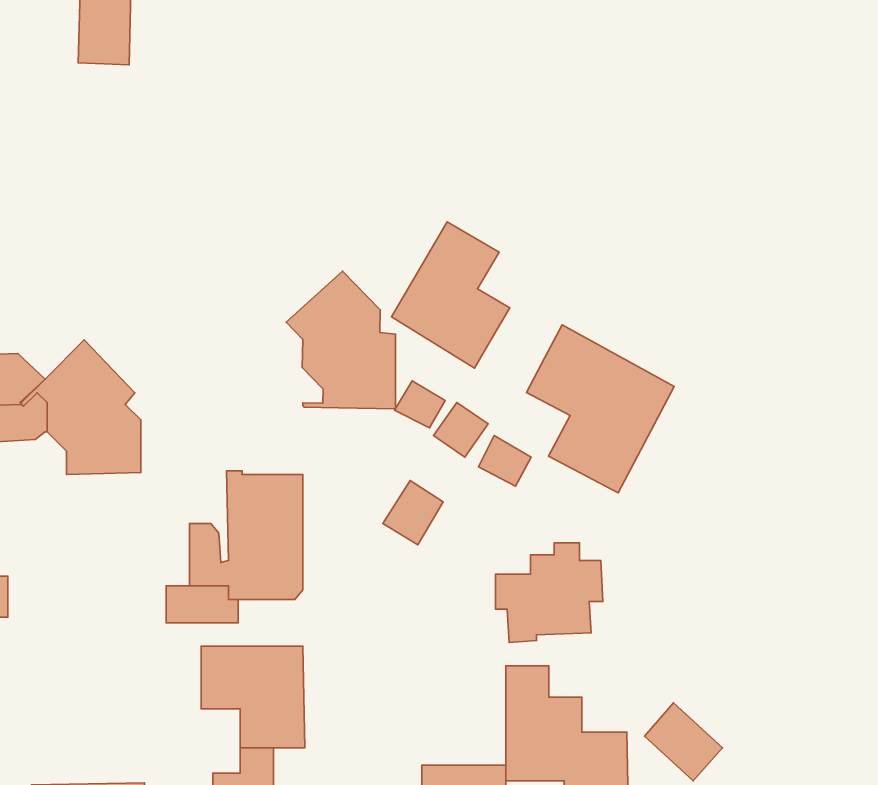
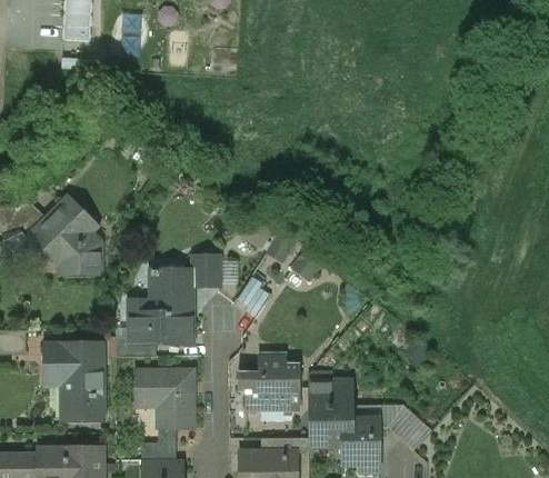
building: [391,222,510,368] -> none
building: [286,271,395,409] -> none
building: [527,325,674,493] -> none
building: none -> [191,255,220,286]
building: [495,543,603,642] -> [238,353,299,410]
building: none -> [48,343,101,419]

